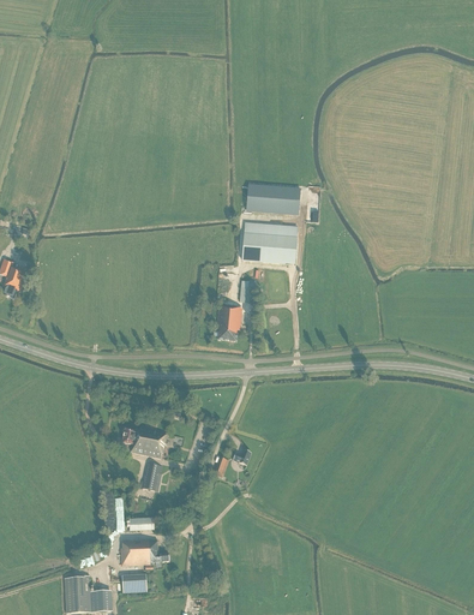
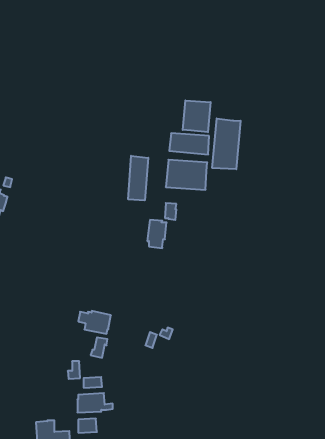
building: none -> [183,100,211,132]
building: none -> [212,118,241,169]
building: none -> [128,156,148,200]

